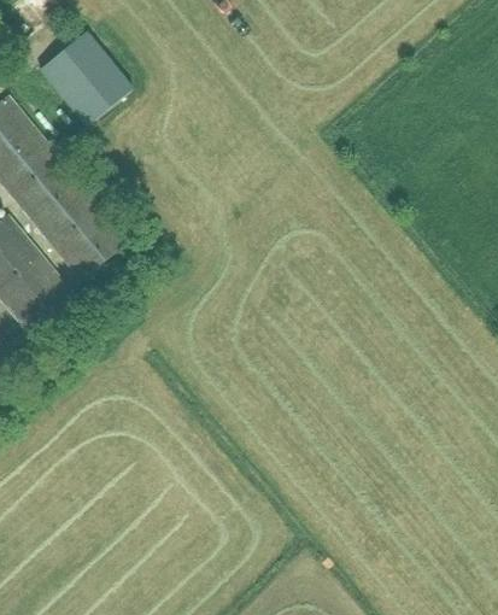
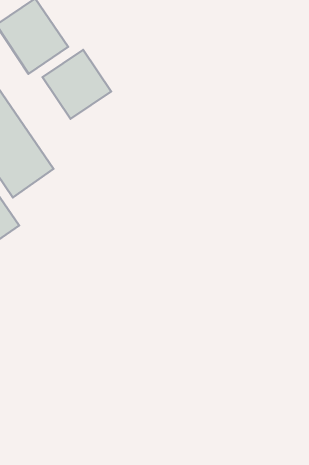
building: none -> [42,50,111,119]

